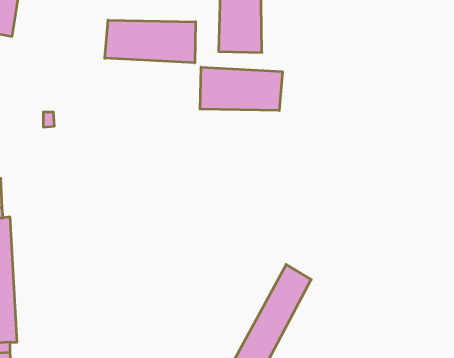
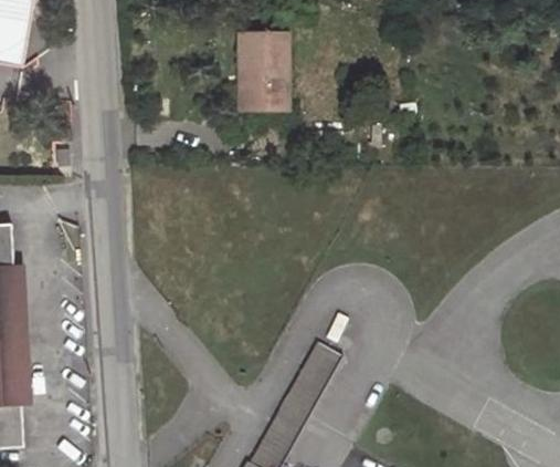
building: [105,20,196,63] -> none
building: [200,67,282,111] -> none

